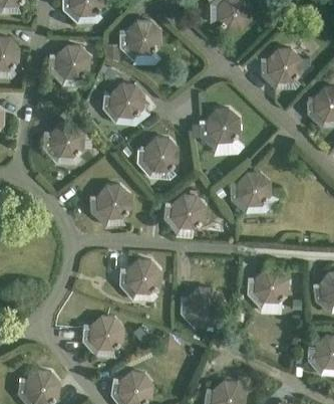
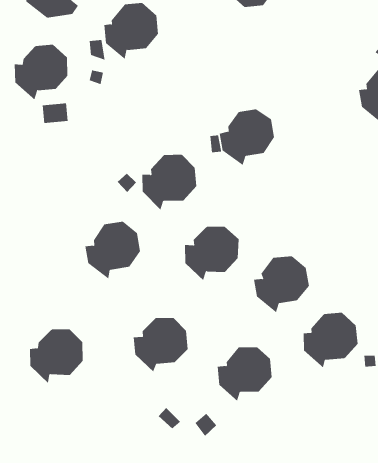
building: [261,47,310,88] -> none
building: [102,82,145,123] -> none
building: [43,122,84,163] -> none
building: [230,171,272,213] -> [253,256,310,313]
building: [82,315,124,356] -> [29,329,84,384]

